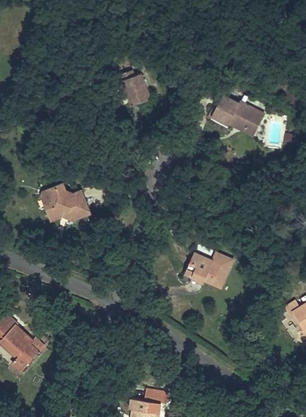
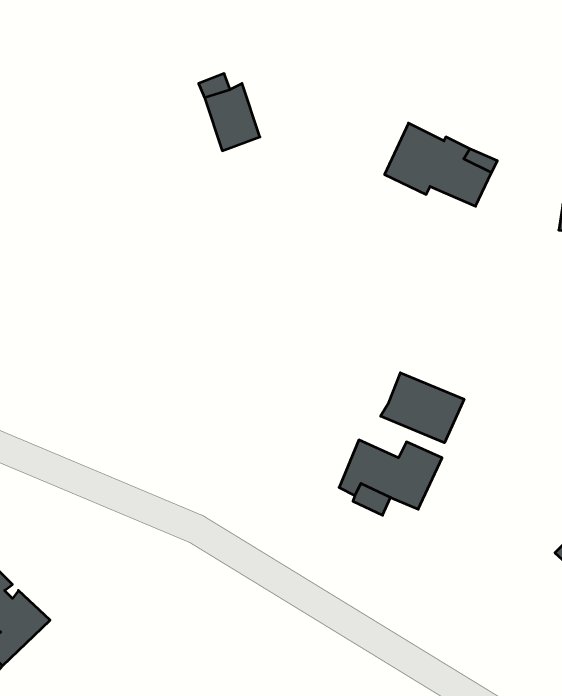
building: [38,184,88,221] -> none
building: none -> [381,373,464,443]

